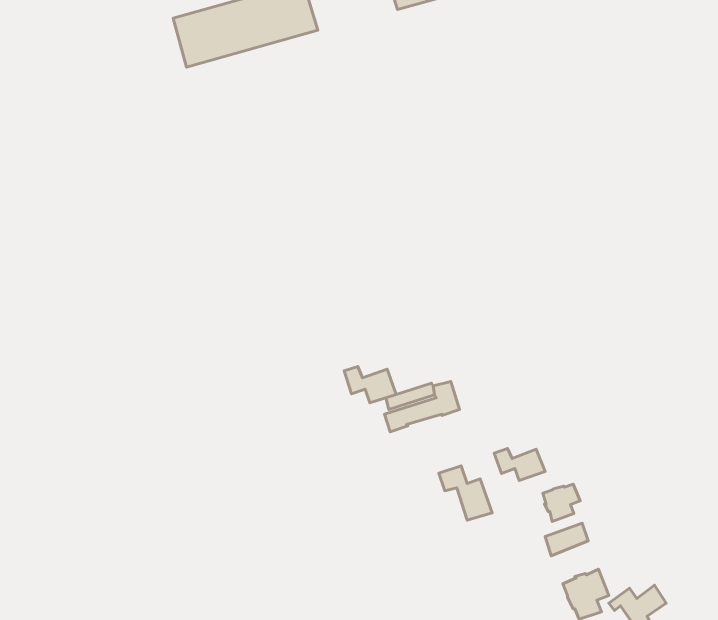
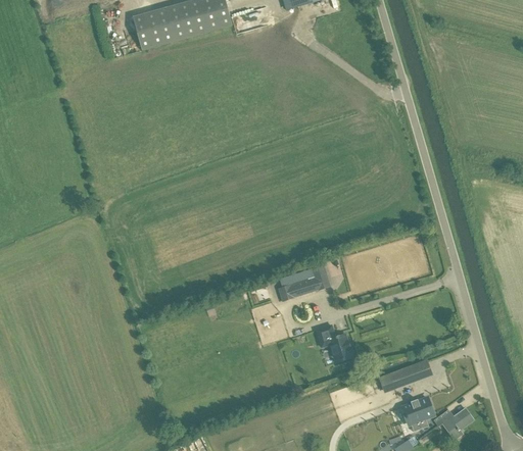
building: [344,366,396,403] -> none
building: [494,448,545,481] -> none
building: [543,484,580,521] -> none

